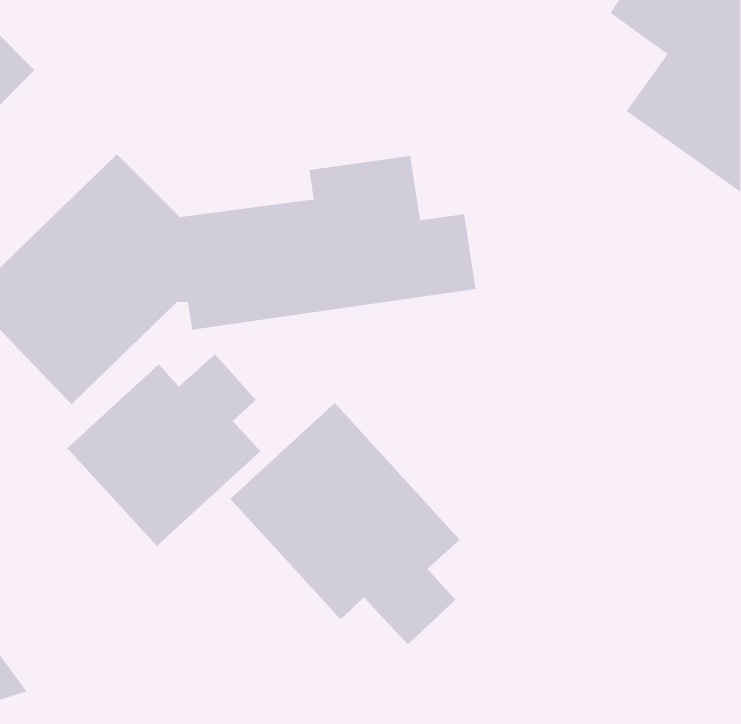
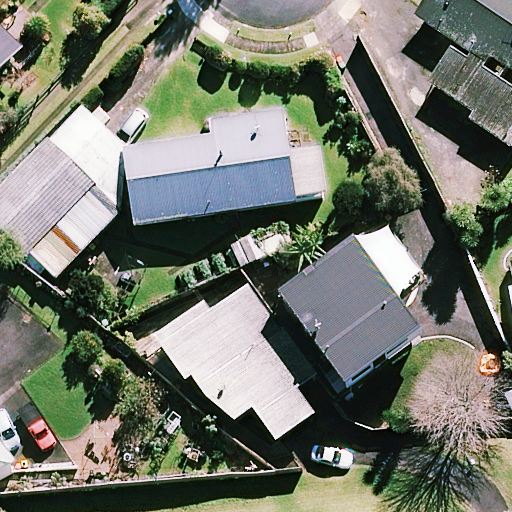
building: none -> [282,230,439,420]
building: [67,354,261,547] -> none

